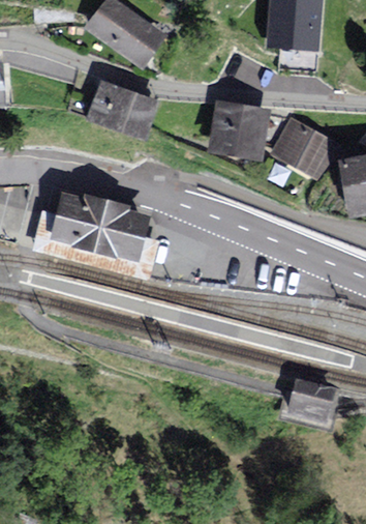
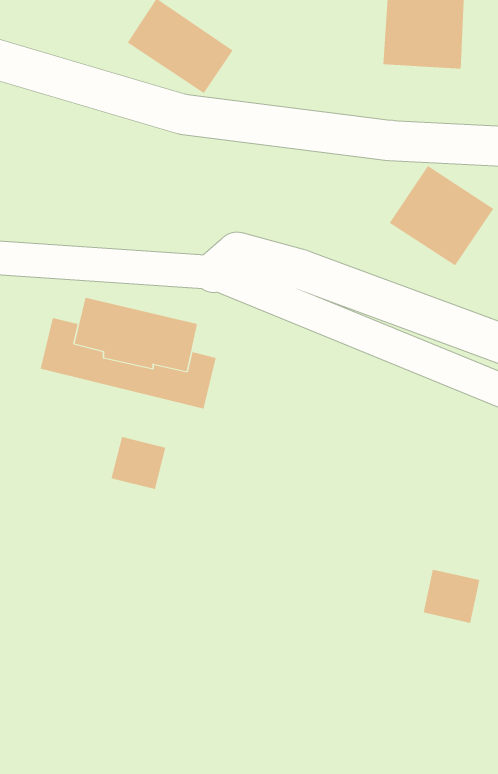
building: [87,82,156,141] -> none
building: [210,96,270,155] -> none
building: none -> [111,436,166,490]

